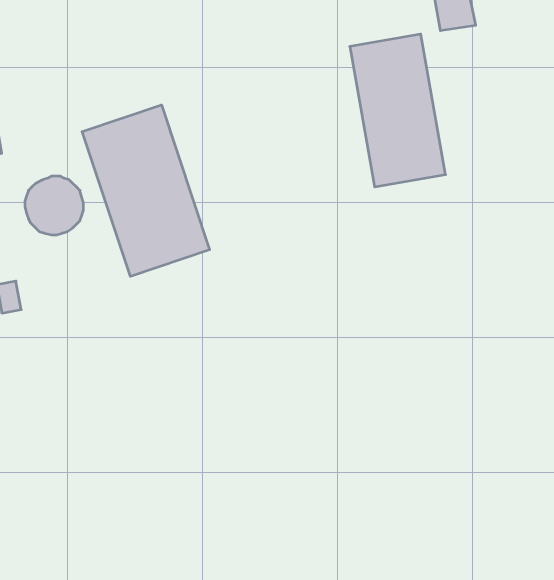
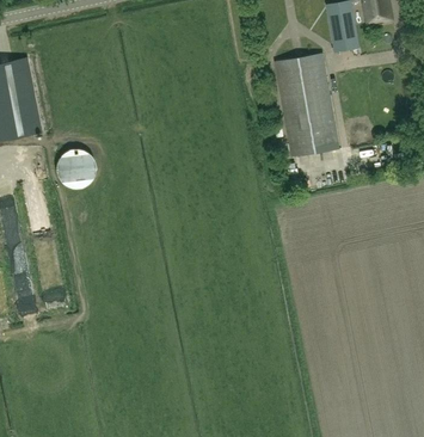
building: [82,105,210,276] -> none

